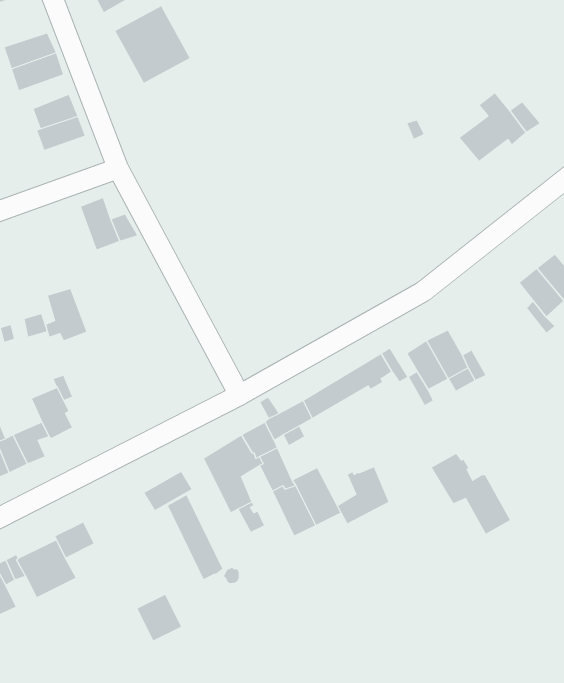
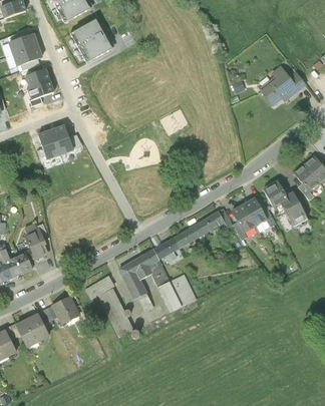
building: [45,288,87,341] -> [37,129,60,158]
building: [431,453,511,535] -> [263,180,307,226]
building: [337,467,389,524] -> none
building: [137,594,182,641] -> [53,296,78,322]

